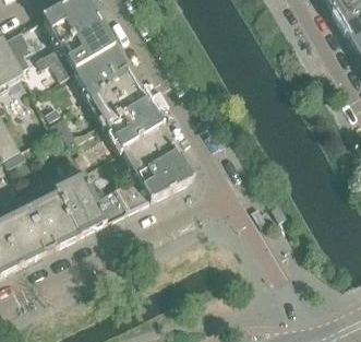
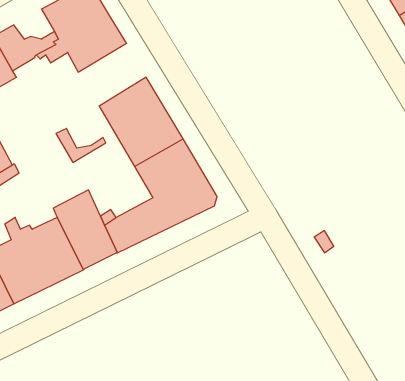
building: [73,45,130,97] -> none

